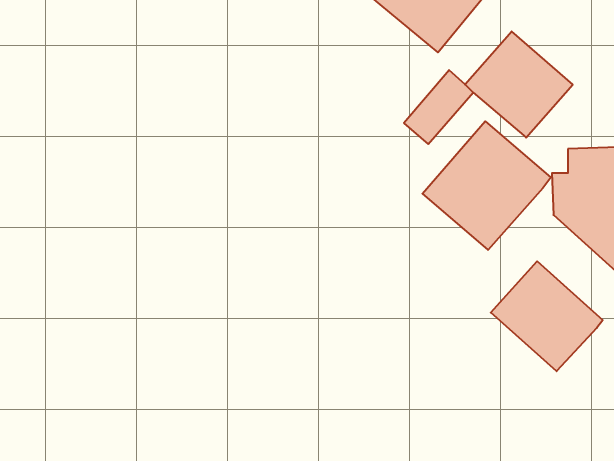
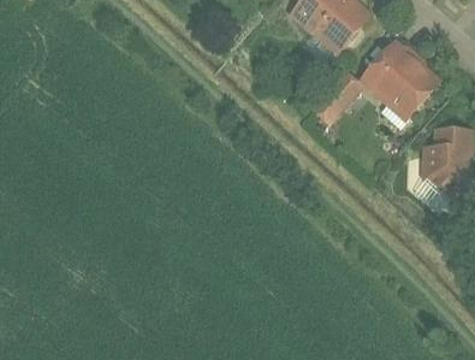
building: [422,121,551,250] -> none
building: [491,261,603,371] -> none

